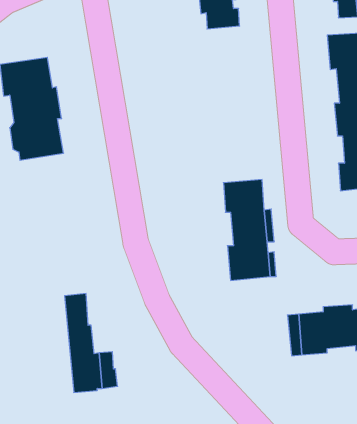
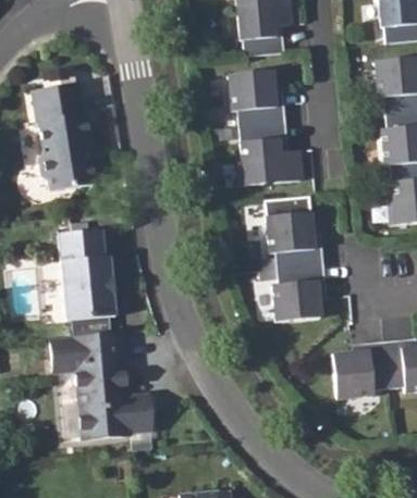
building: none -> [228,67,303,183]
building: none -> [59,232,114,322]
building: none -> [51,335,106,440]

